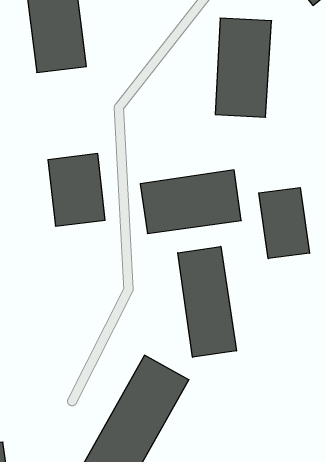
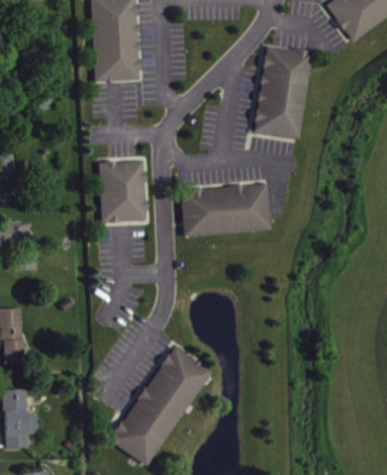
building: [259,188,310,259] -> none
building: [178,246,236,357] -> none

